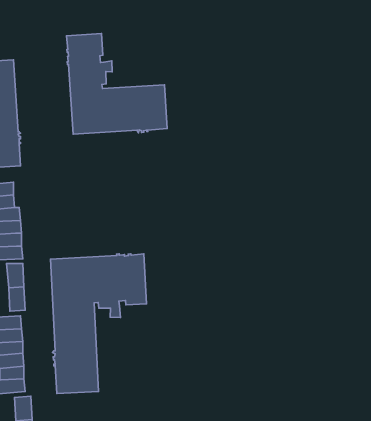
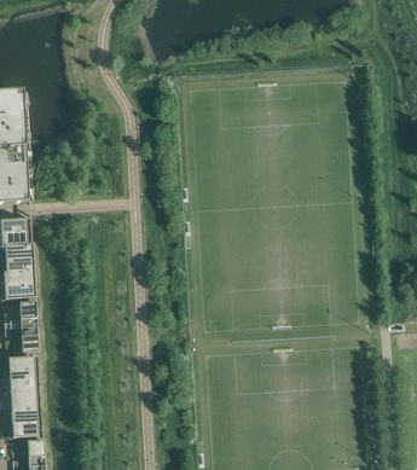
building: [66,33,167,134] -> none
building: [51,254,147,394] -> none

